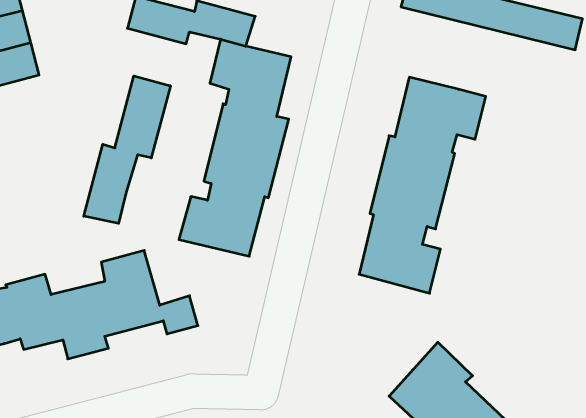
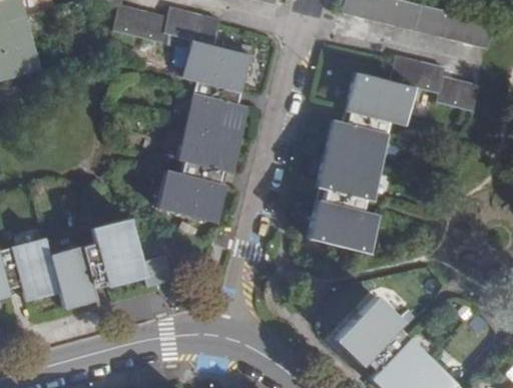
building: none -> [391,55,480,111]
building: [84,76,170,223] -> none

